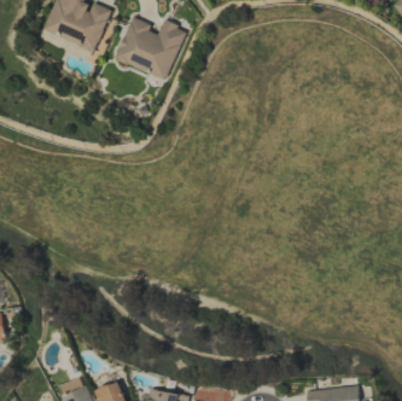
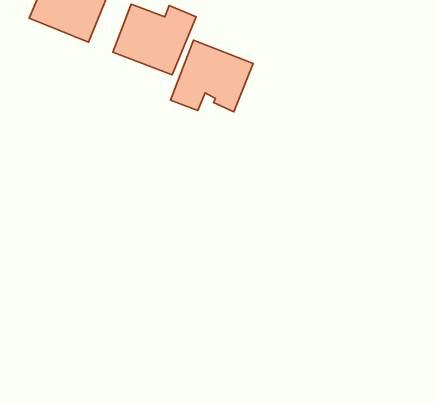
building: none -> [171,40,253,112]

